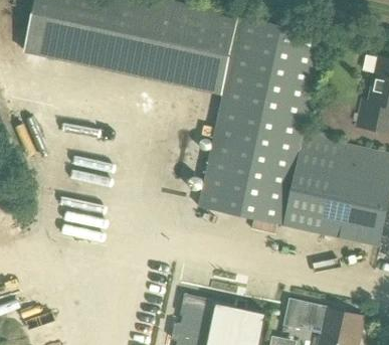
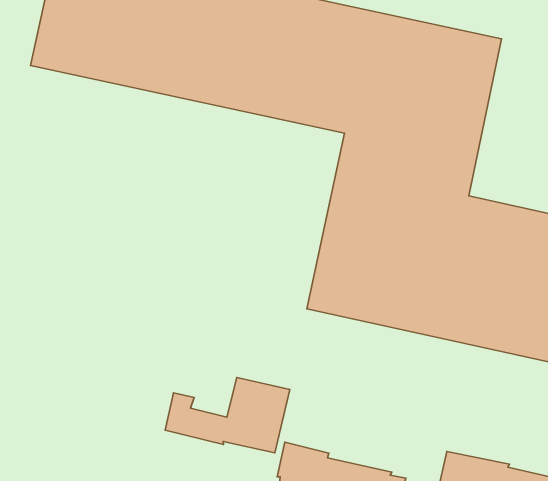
building: none -> [165,377,290,453]

